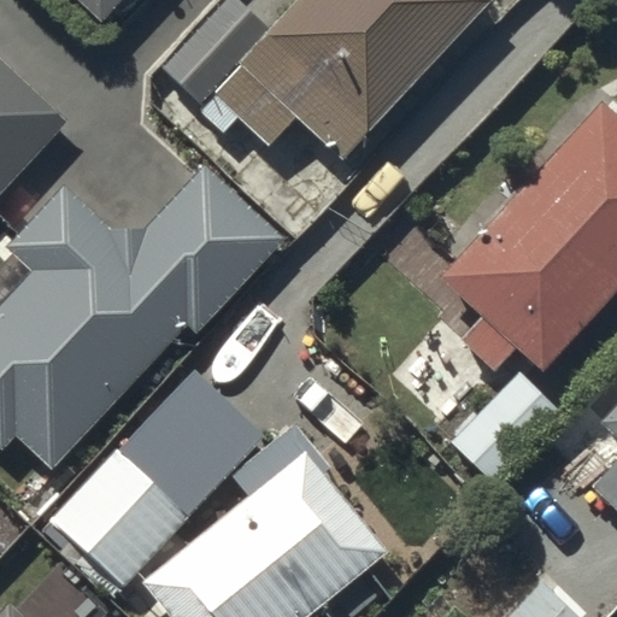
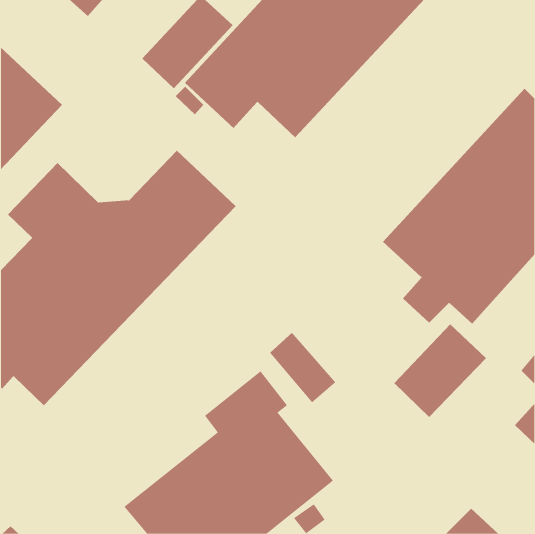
building: [54,372,262,583] -> none

